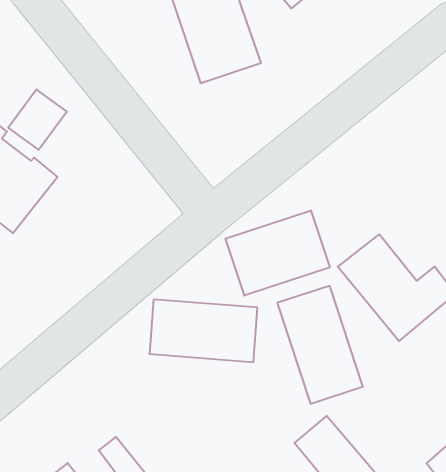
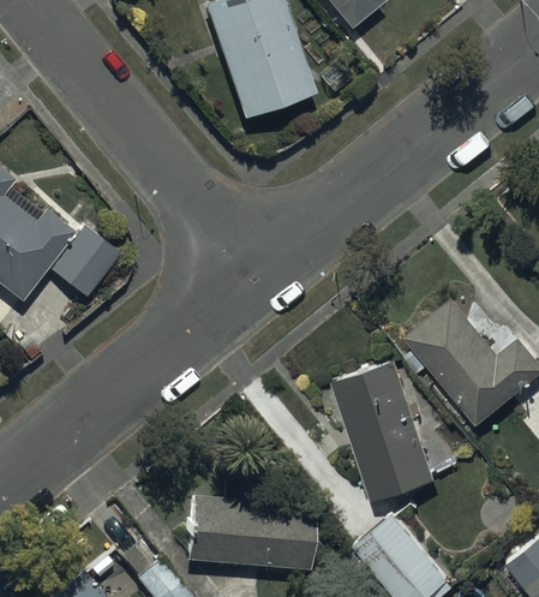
building: [8,89,67,150] -> [50,225,120,297]
building: [225,210,330,296] -> none
building: [149,300,257,362] -> [186,497,315,572]

